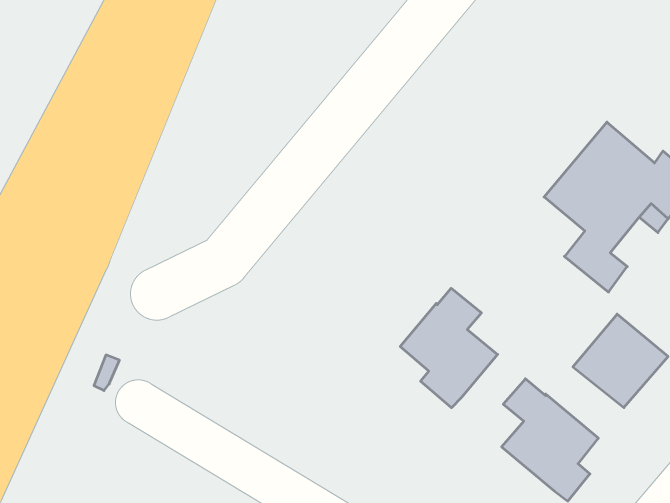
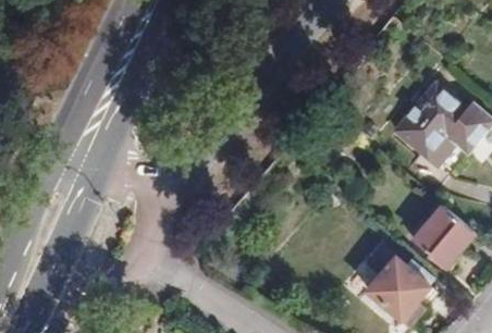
building: [400,288,498,408] -> none

